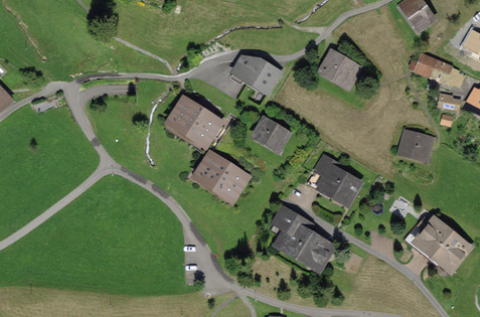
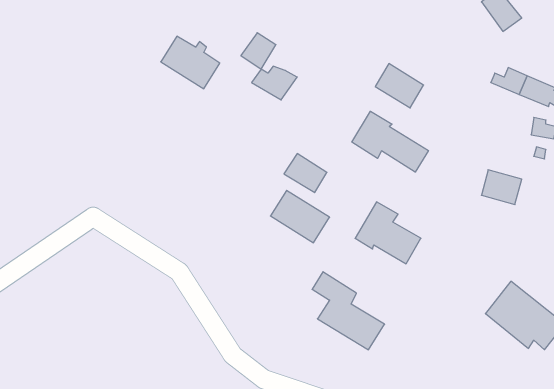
building: [253,62,279,90] -> [241,33,276,69]
building: none -> [352,111,428,172]
building: [172,103,216,142] -> [161,36,220,89]
building: [199,157,244,196] -> [270,190,330,243]

